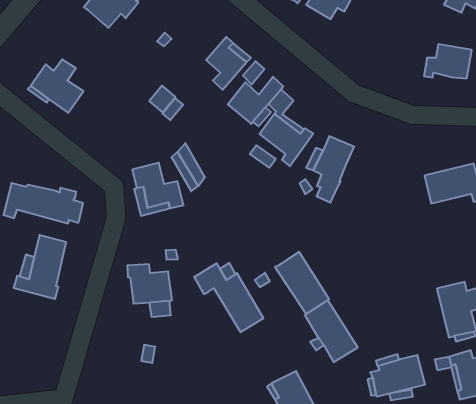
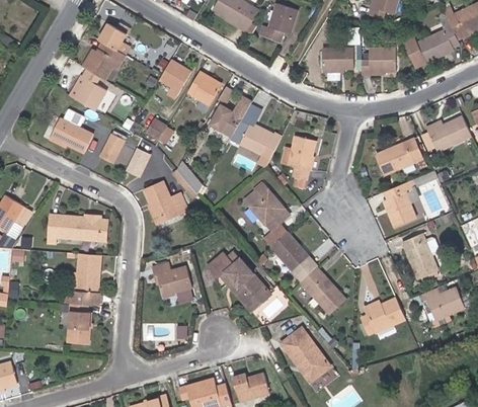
building: none -> [69,69,106,110]
building: none -> [159,60,191,99]
building: none -> [321,48,353,69]
building: none -> [100,134,125,163]
building: none -> [127,146,152,176]
building: none -> [243,183,288,246]
building: none -> [383,180,416,228]
building: none -> [220,272,271,312]
building: none -> [67,304,91,344]

